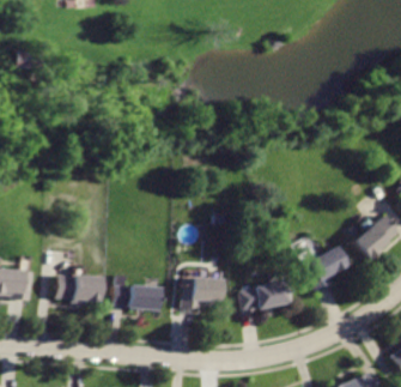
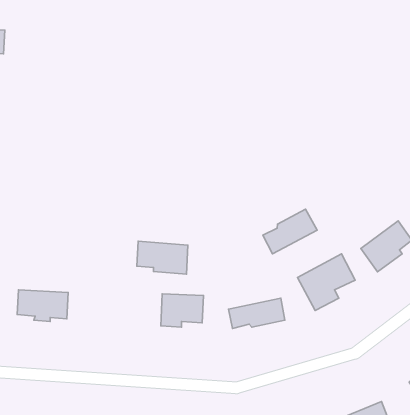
building: none -> [263,209,317,254]
building: [110,283,154,312] -> [137,241,188,274]

